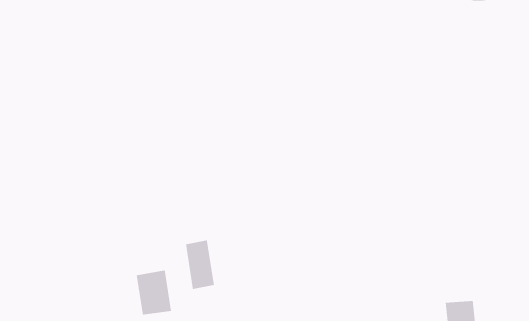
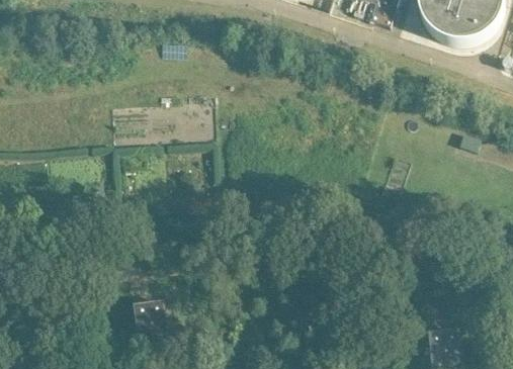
building: [185,240,214,290] -> none

